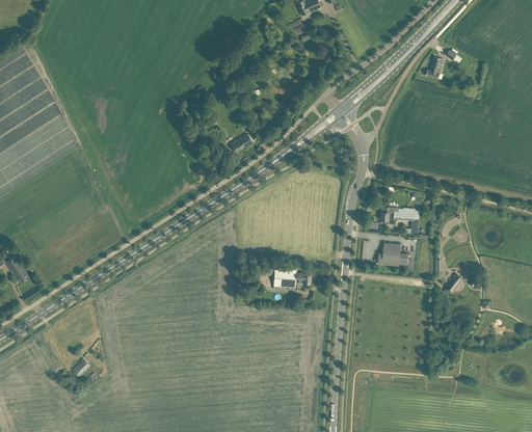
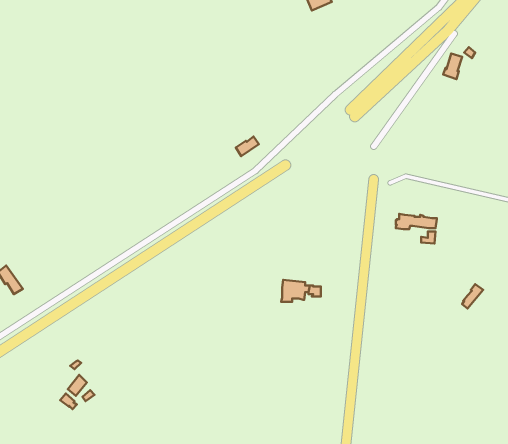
building: [377,242,407,265] -> none

